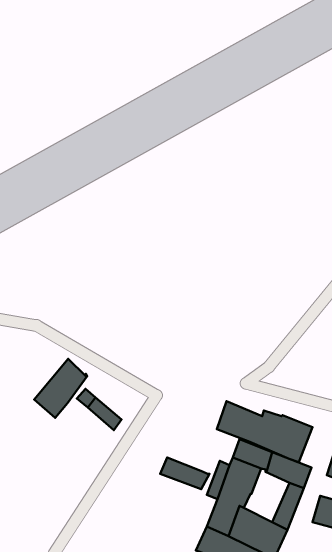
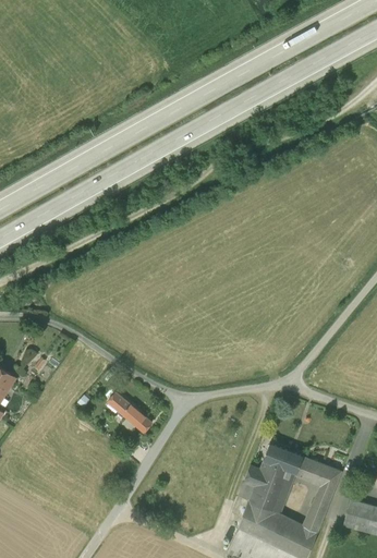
building: [34,359,87,418] -> none
building: [217,401,313,462] -> none
building: [160,458,209,489] -> none

